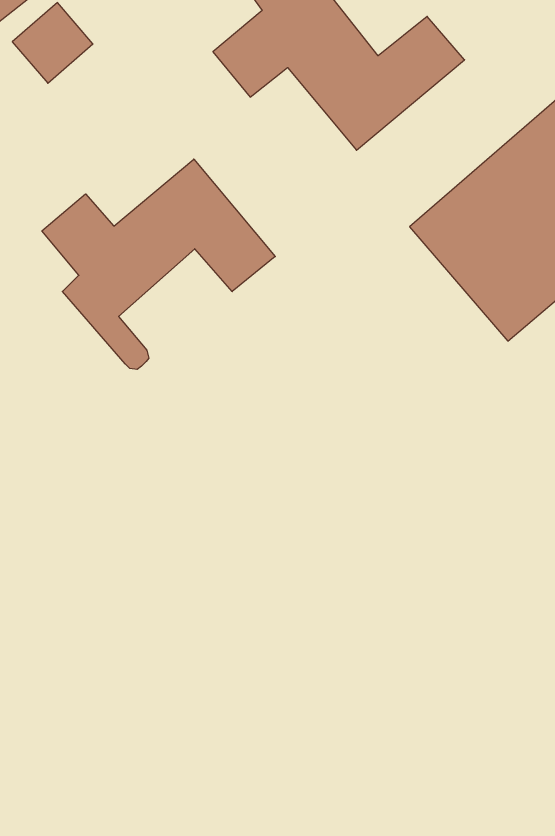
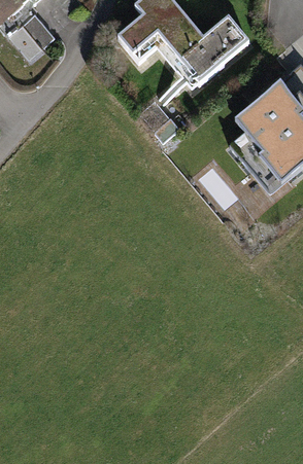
building: [42,159,275,369] -> none

